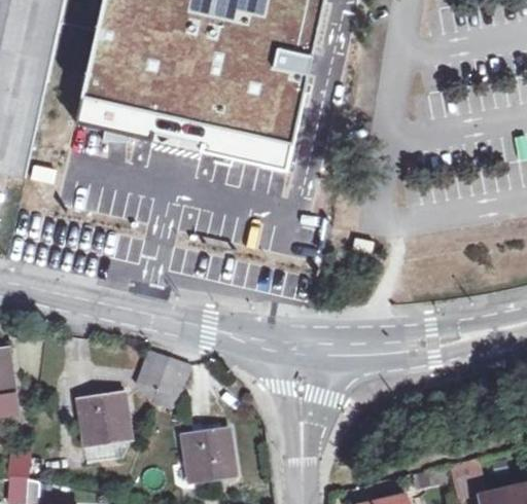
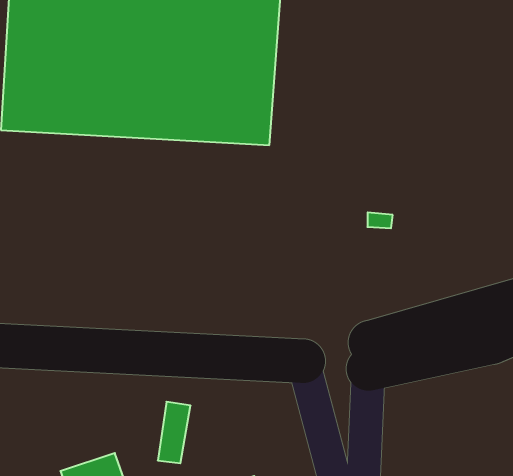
building: [135,349,169,401] -> none

